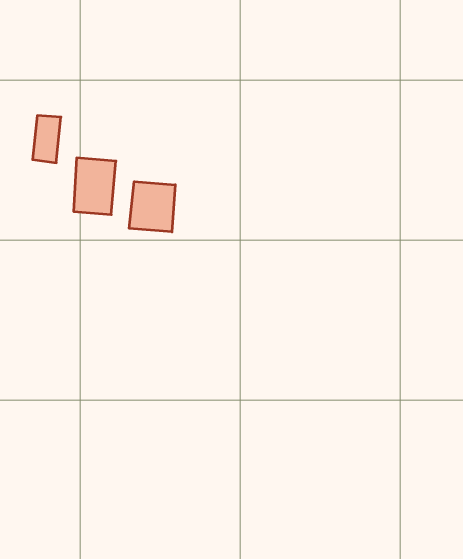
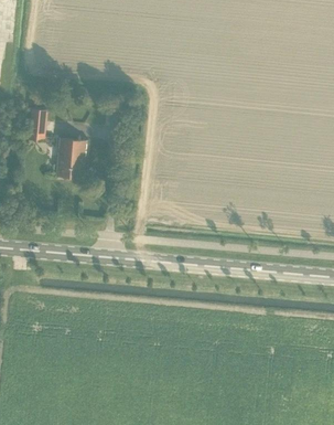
building: [129,182,175,232] -> none

